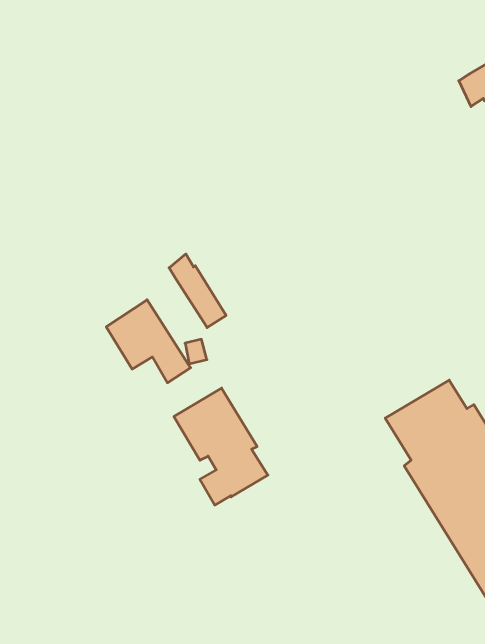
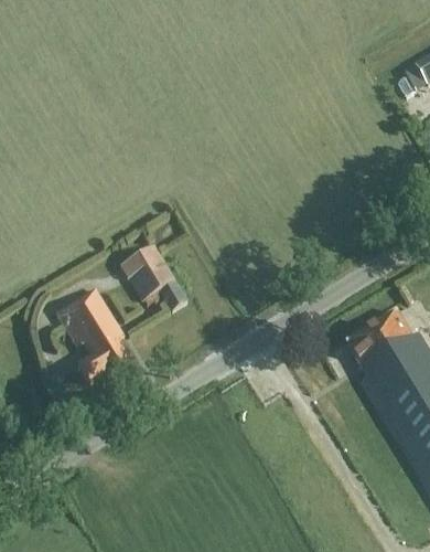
building: [169,254,226,328] -> none
building: [174,388,268,505] -> [56,289,132,384]

